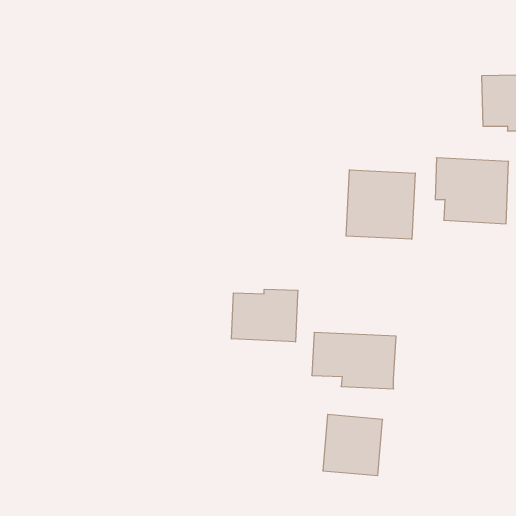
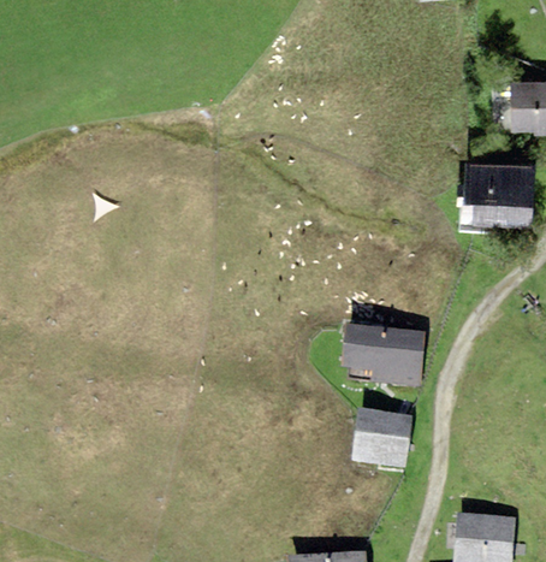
building: [346,170,415,239] -> none
building: [231,289,298,342] -> none

